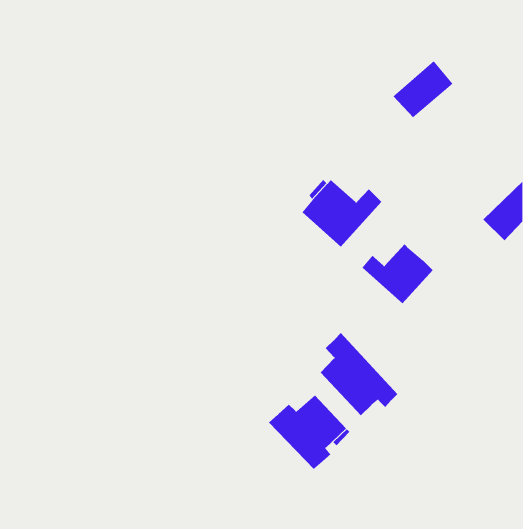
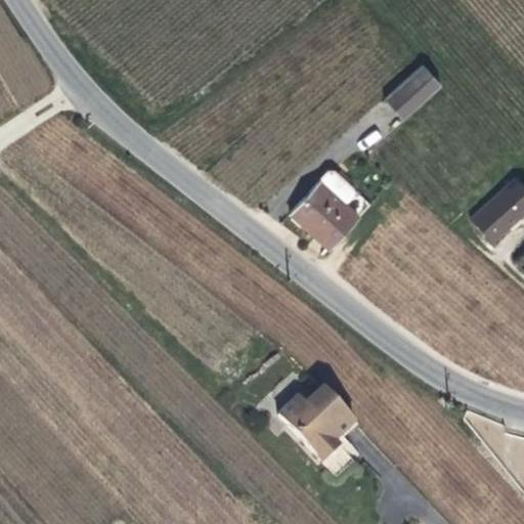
building: [362,243,433,304] -> none
building: [320,332,398,416] -> none

